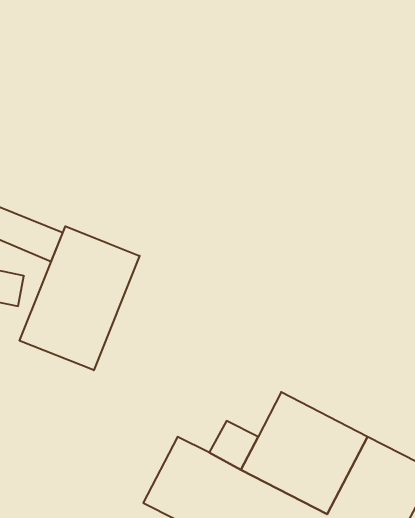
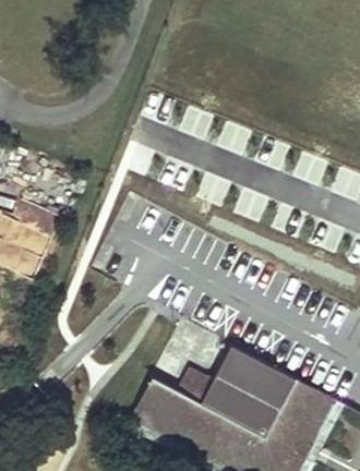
building: [20,226,140,370] -> none

